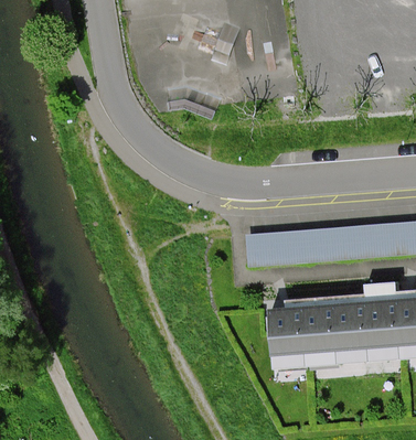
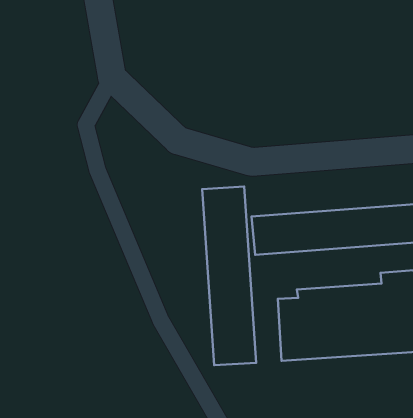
building: none -> [202,187,256,365]

